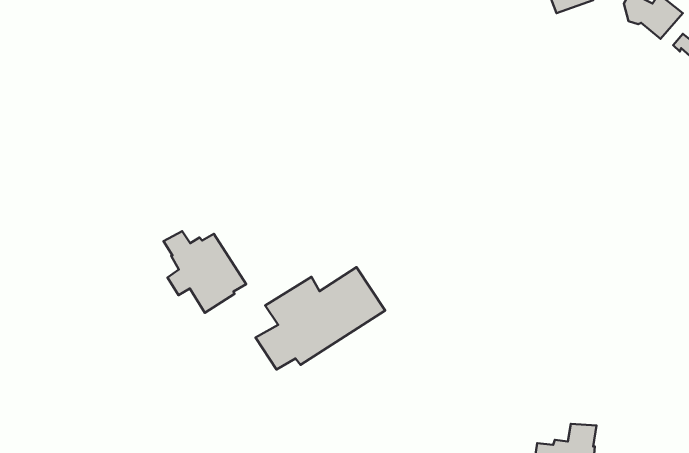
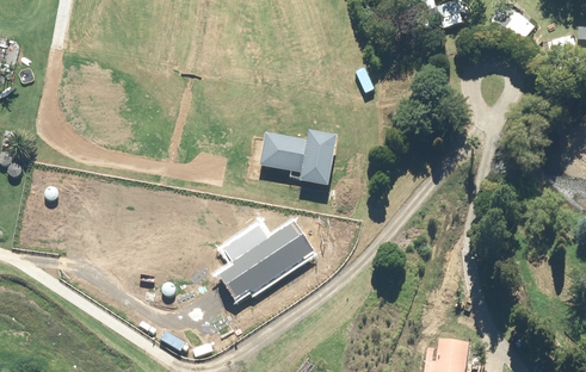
building: none -> [261,129,332,181]
building: [163,231,246,313] -> none

